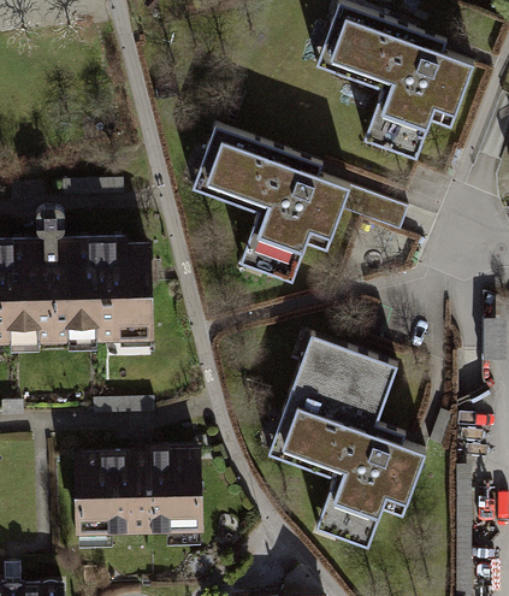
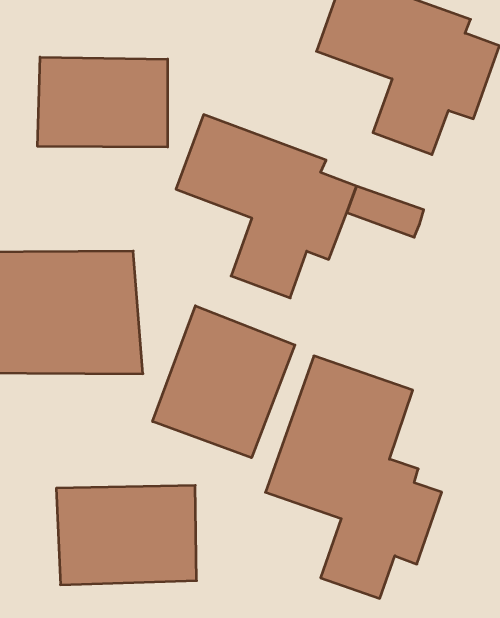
building: none -> [38,57,168,147]
building: none -> [153,306,295,458]

